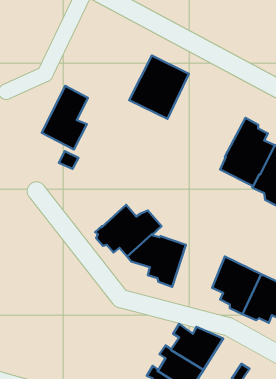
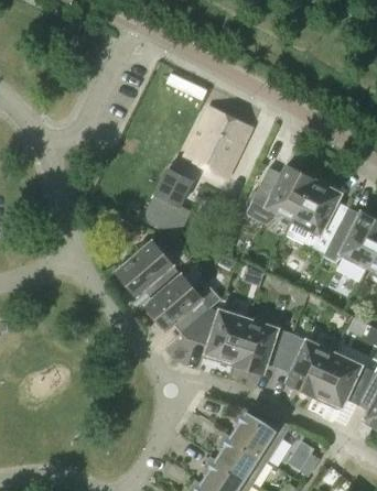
building: [42,86,88,149] -> [140,167,192,239]
building: none -> [245,165,314,223]
building: none -> [116,241,180,299]
building: none -> [231,319,291,372]

